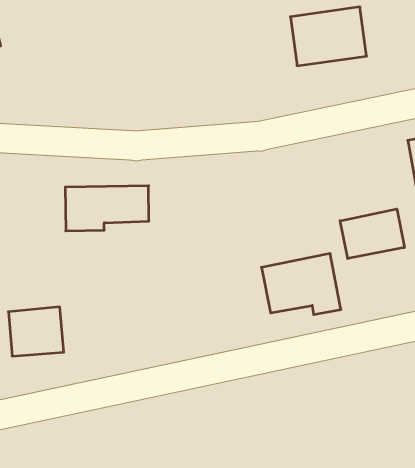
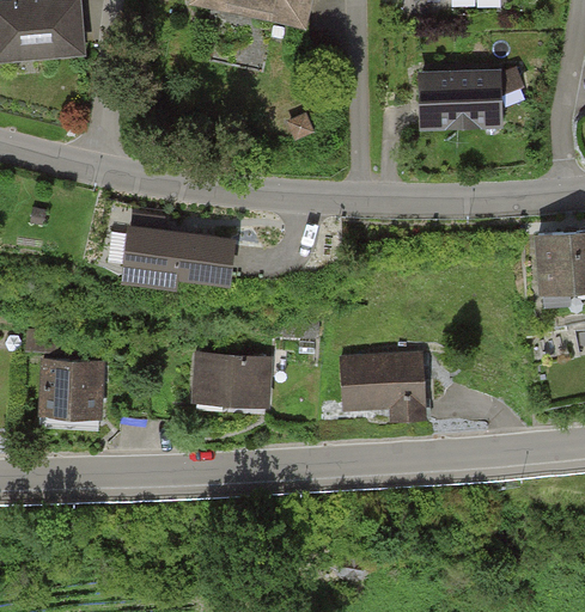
building: [340,209,404,259] -> none
building: none -> [193,354,270,404]

